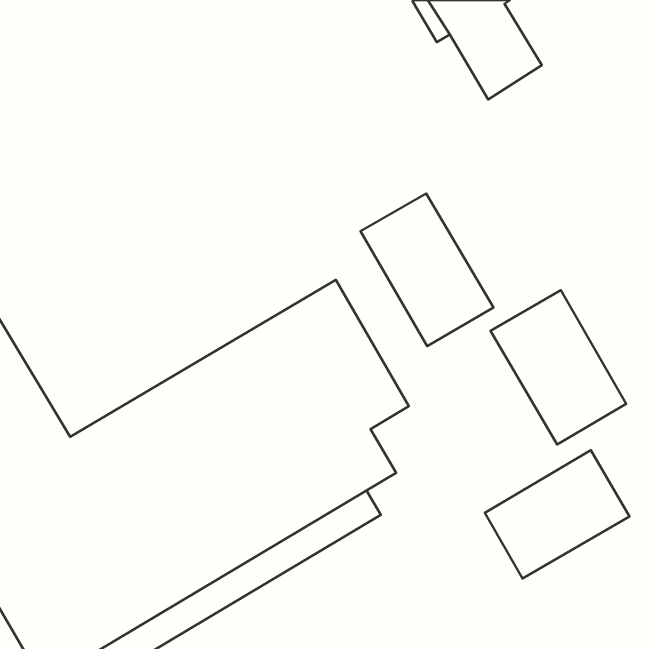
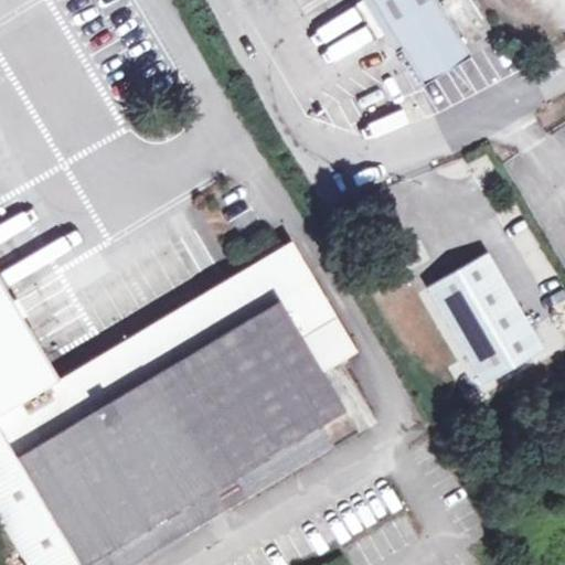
building: [360,194,494,346] -> none
building: [485,450,629,579] -> none

